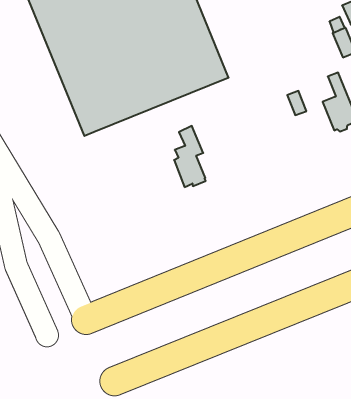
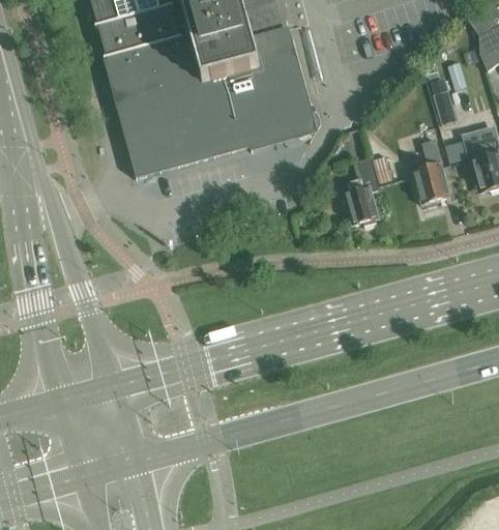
building: [174,126,206,187] -> [346,157,380,226]

